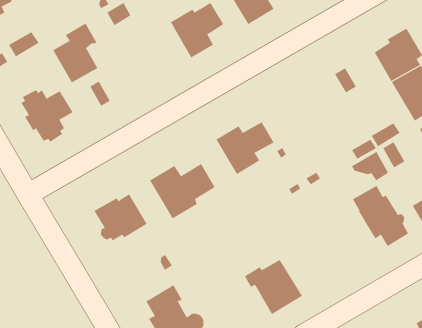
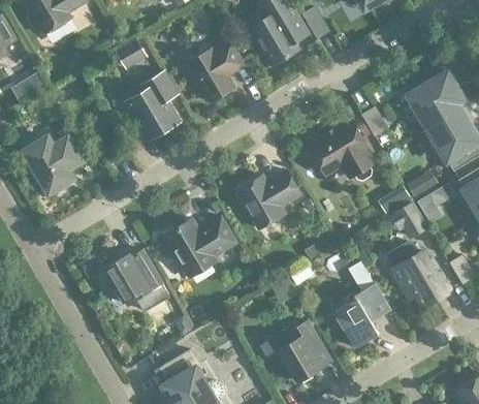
building: [53,23,98,83] -> [128,72,178,138]
building: none -> [308,122,373,180]
building: none -> [333,267,390,348]

